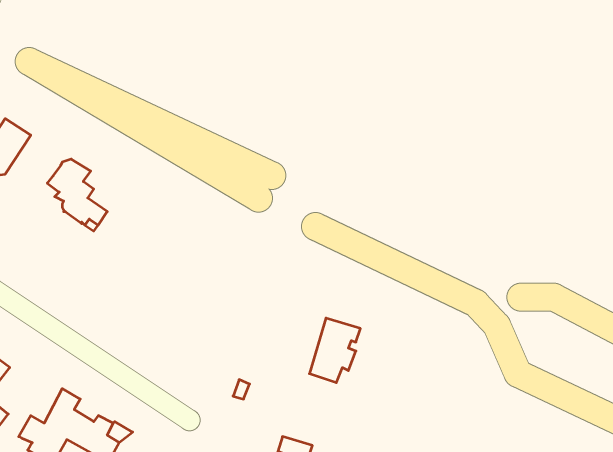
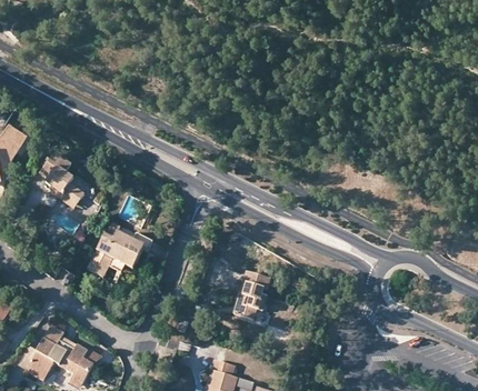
building: none -> [87,222,151,277]

